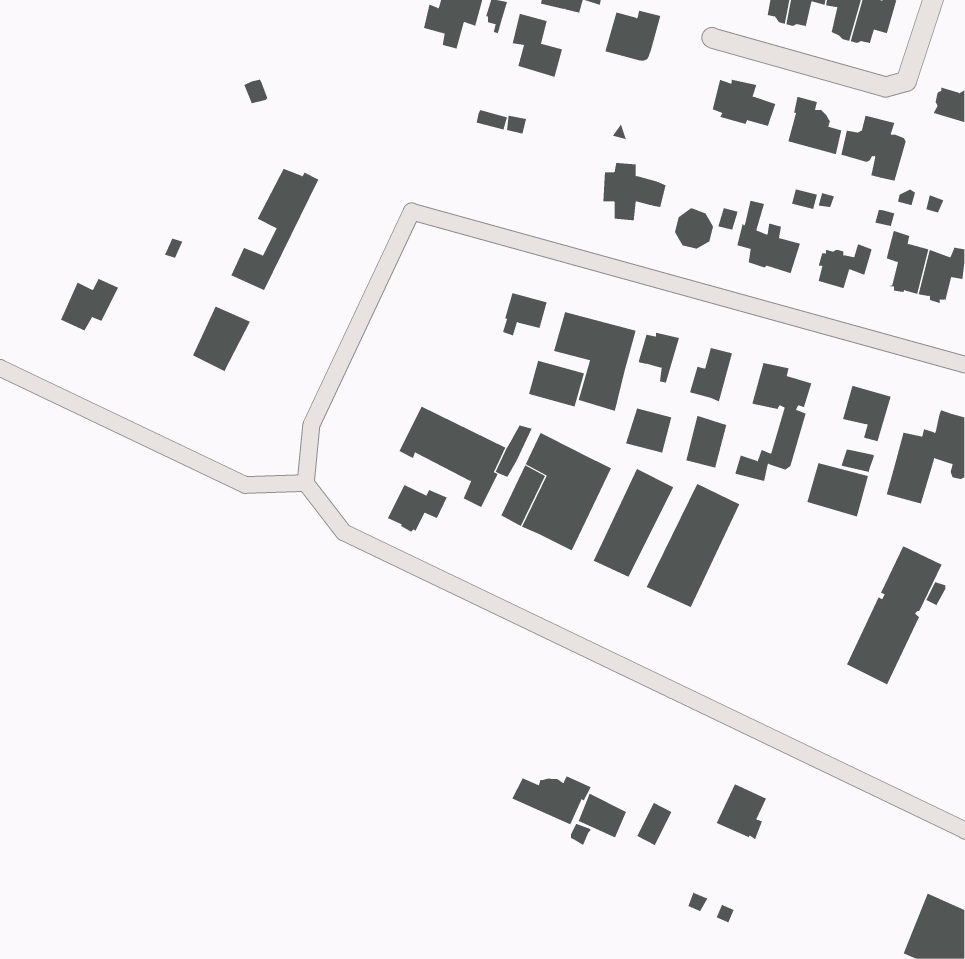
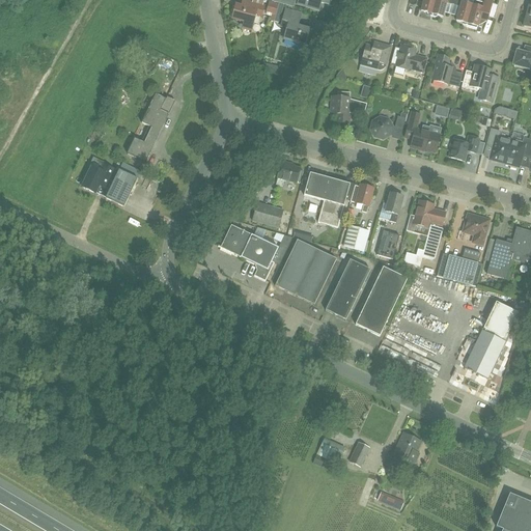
building: [605,10,661,61] -> [360,40,391,68]
building: [60,278,119,331] -> [82,162,114,191]
building: [528,360,585,407] -> [252,200,283,226]
building: [387,484,447,533] -> none
building: [512,776,591,825] -> none

